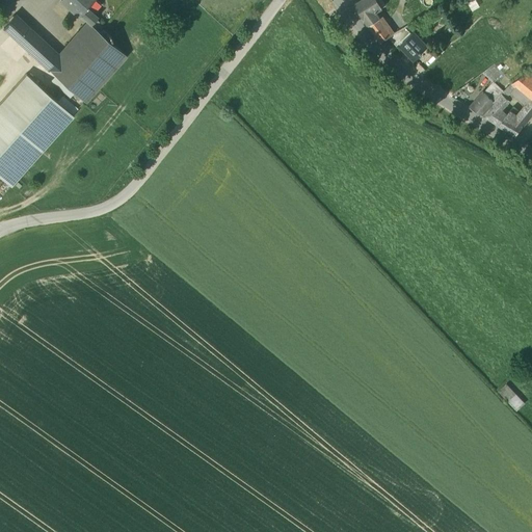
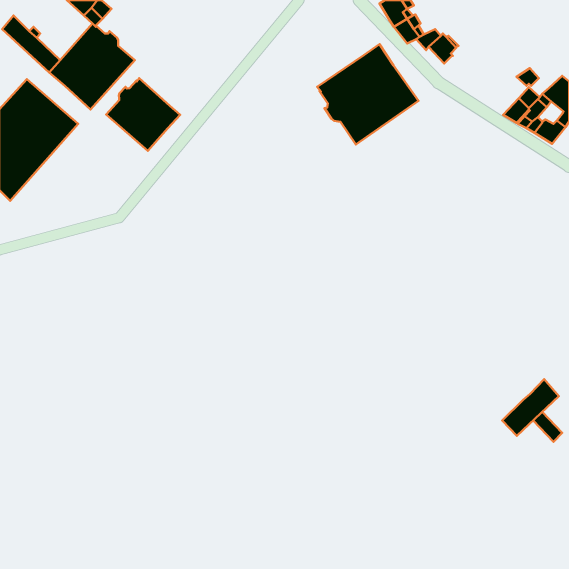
building: none -> [317,44,418,145]
building: none -> [106,78,180,151]
building: none -> [502,379,559,436]

